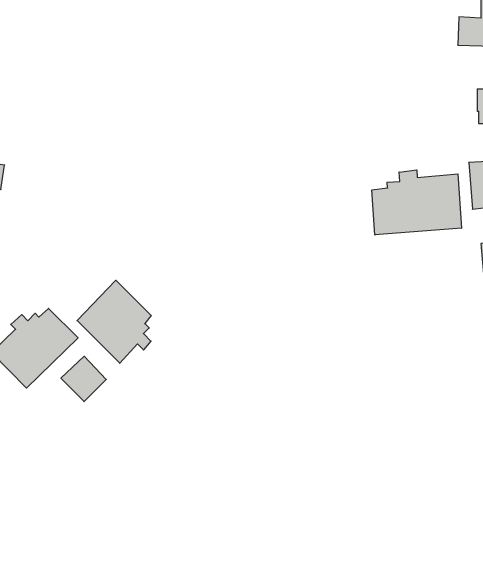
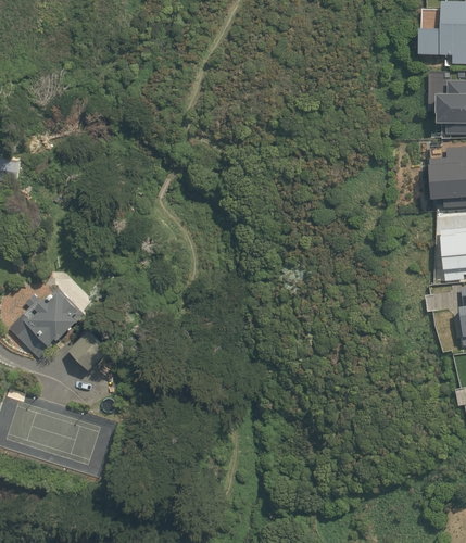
building: [372,170,461,235] -> none
building: [77,280,151,363] -> none

